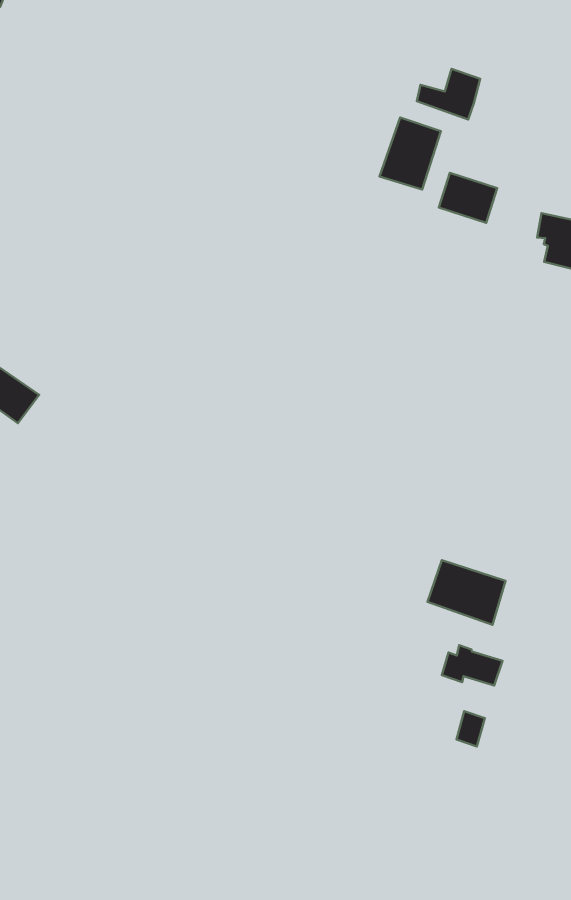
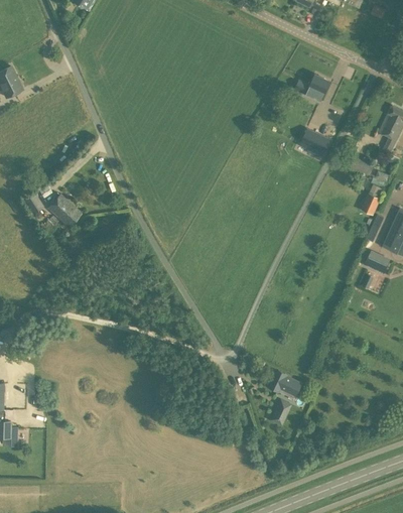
building: [379,117,441,189] -> none
building: [427,560,506,625] -> none

